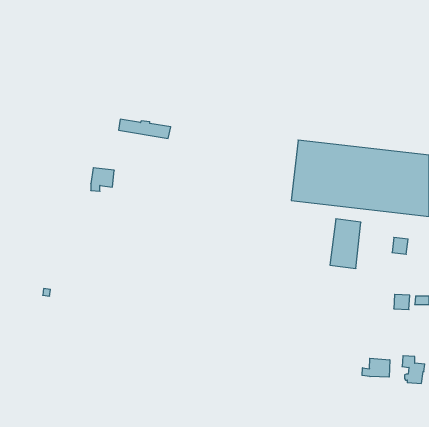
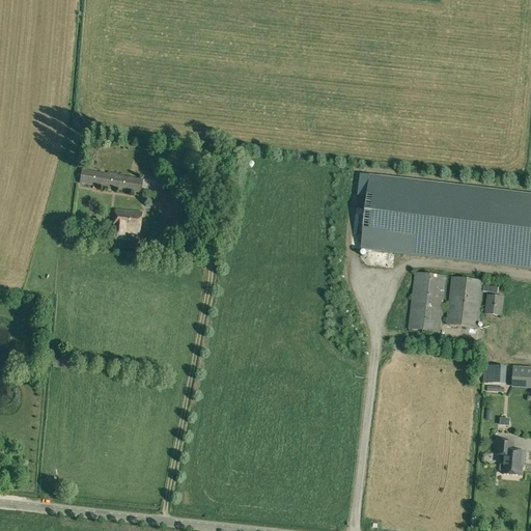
building: [119,119,171,138] -> [79,168,143,192]
building: none -> [446,275,483,327]
building: [362,358,390,377] -> none

